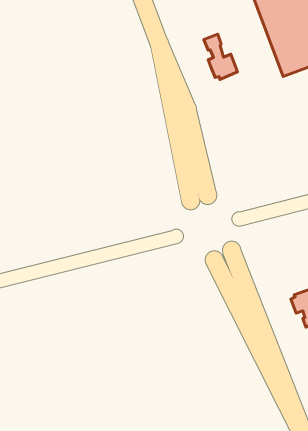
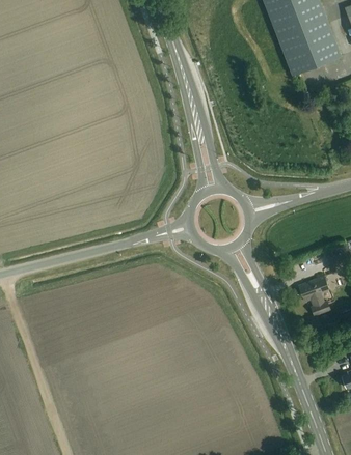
building: [204,34,238,80] -> none

